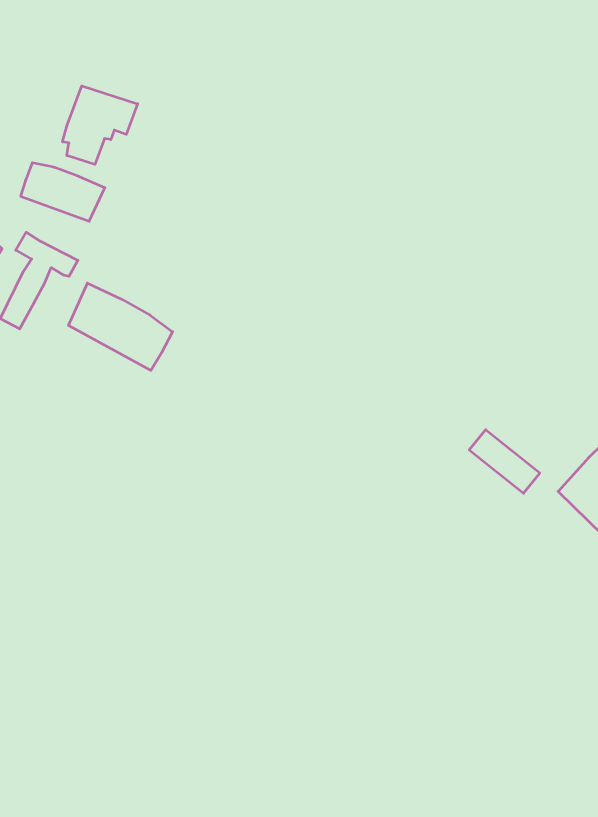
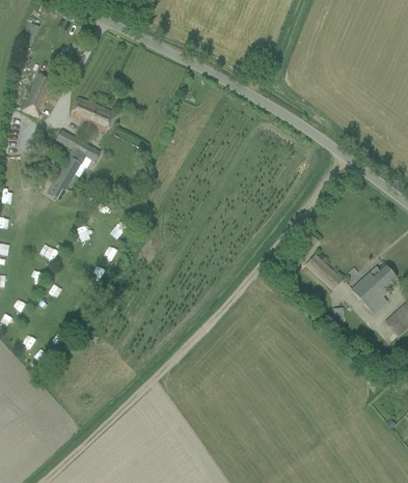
building: [63,86,138,164] -> none
building: [69,283,173,370] -> none

